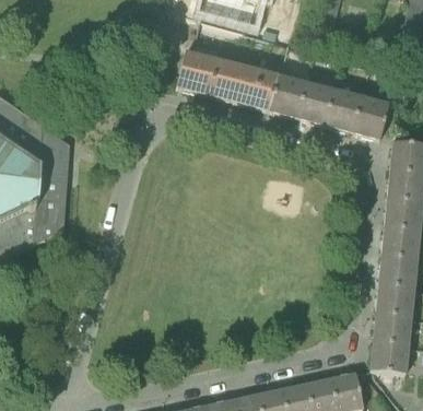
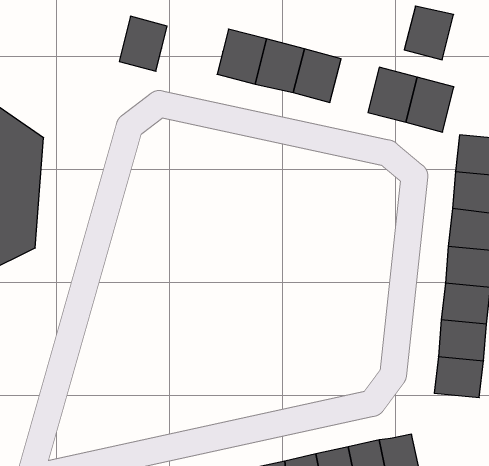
building: [177,50,214,93] -> [119,16,167,71]
building: [293,81,331,122] -> [404,6,454,60]
building: [371,340,409,372] -> none

